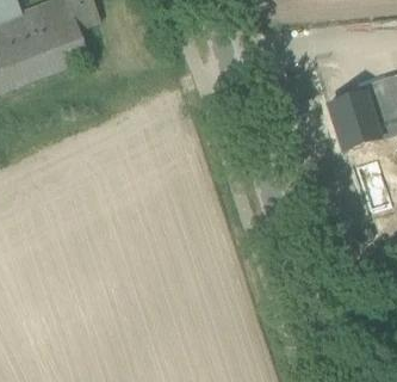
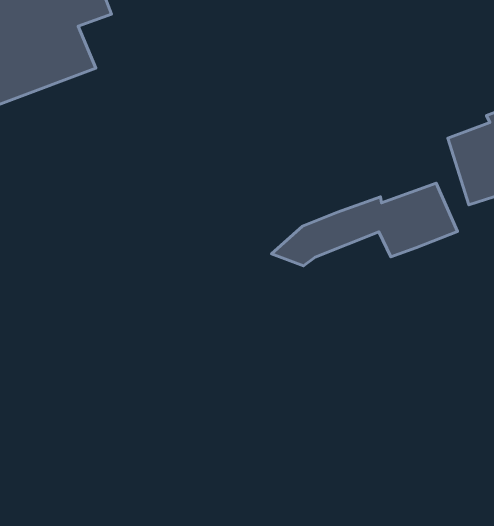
building: none -> [271,183,458,266]

